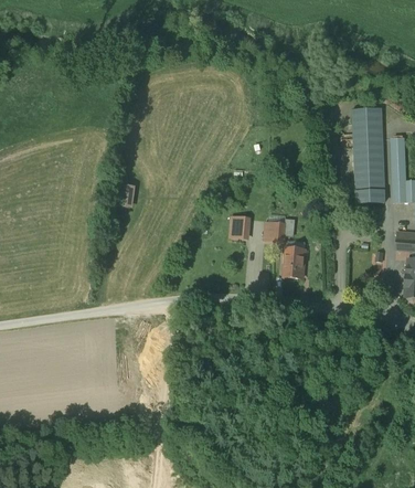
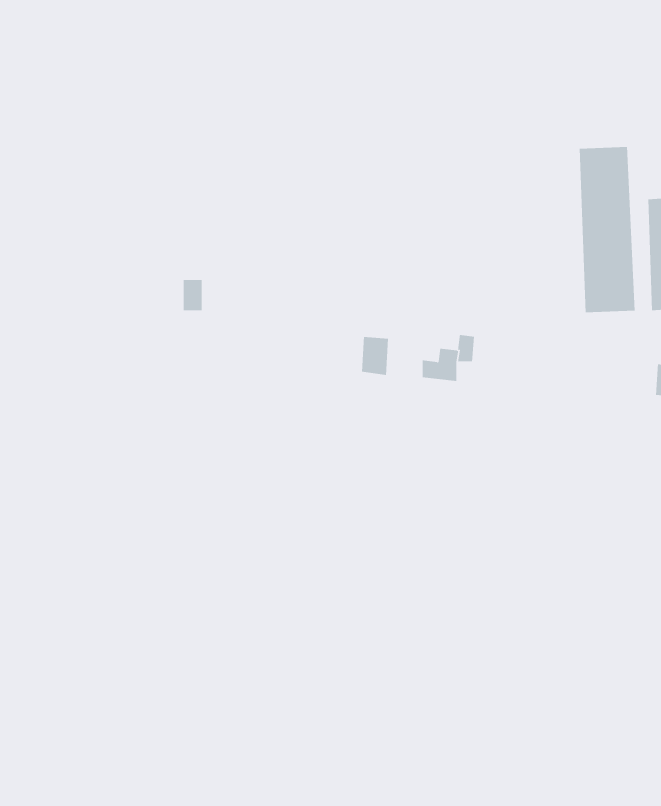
building: [283,247,304,276] -> none

